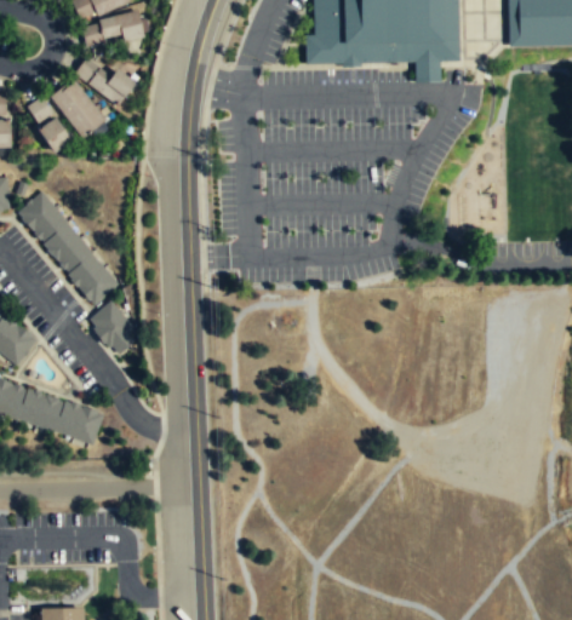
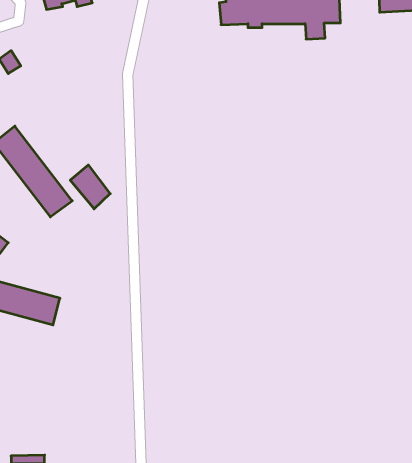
building: [75,56,137,104] -> none
building: [50,80,107,138] -> none
building: [40,119,73,154] -> none
building: [90,299,141,355] -> [70,165,110,209]

